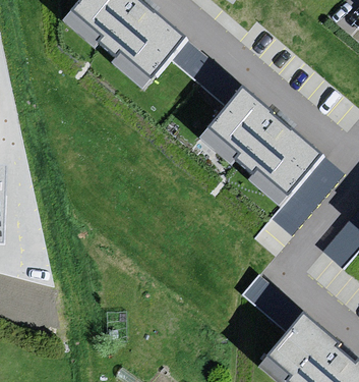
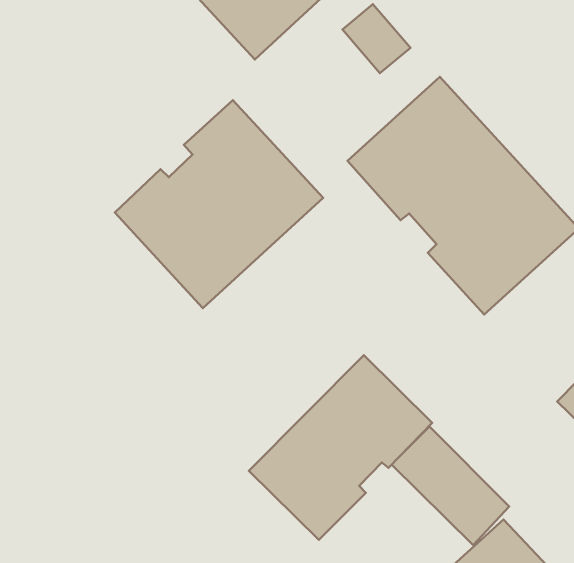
building: none -> [115,100,323,308]
building: none -> [249,355,432,540]

